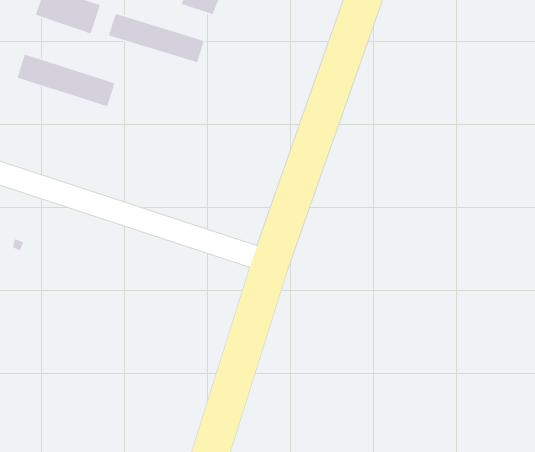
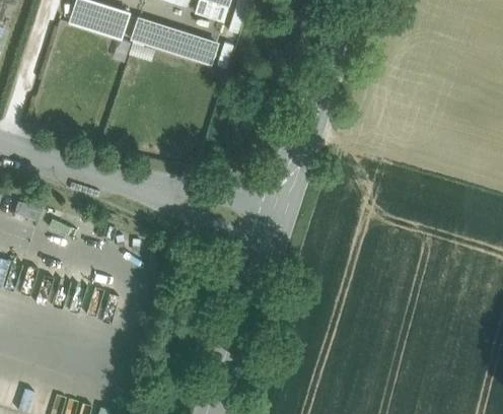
building: [17,54,116,107] -> none

